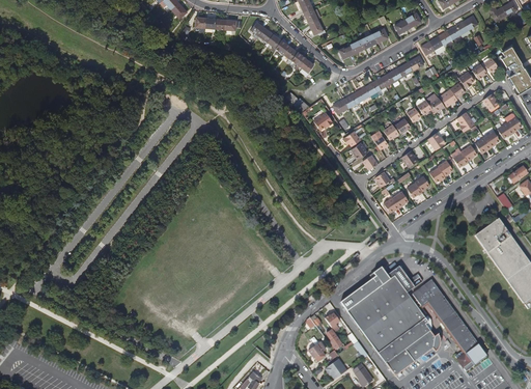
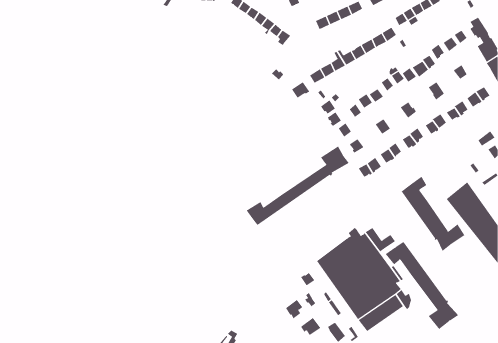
building: none -> [246,145,349,226]
building: none -> [401,176,465,252]

